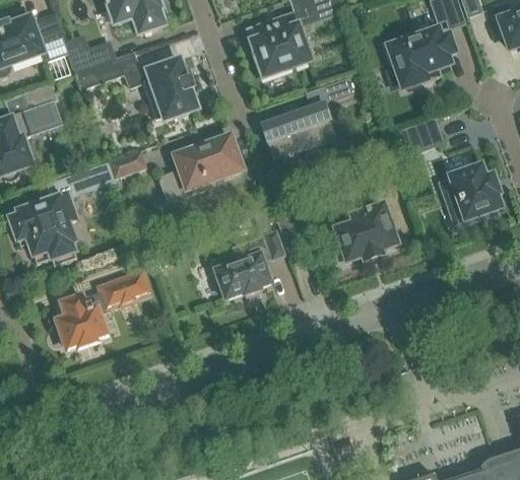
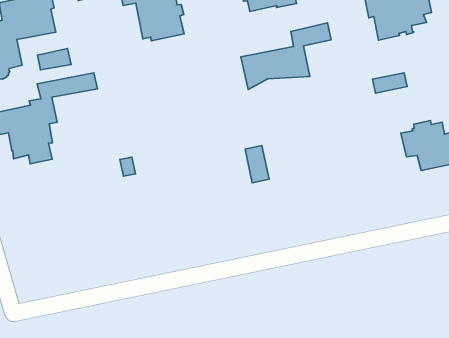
building: [160,135,243,200] -> none
building: [110,150,146,177] -> [38,48,71,70]
building: [329,204,397,263] -> none
building: [215,230,284,297] -> none
building: [58,271,149,348] -> none

